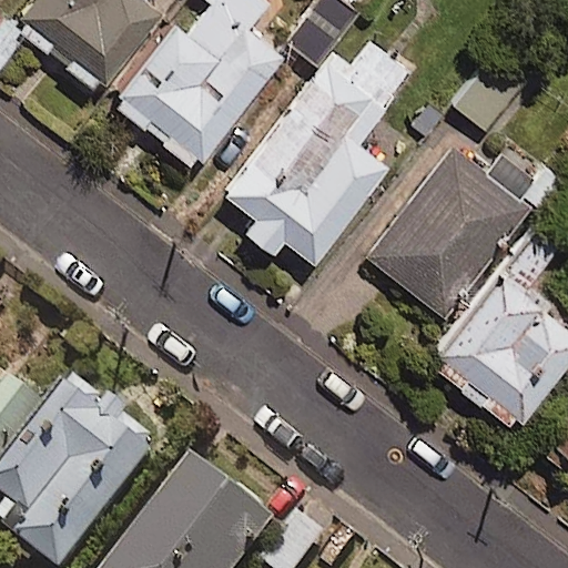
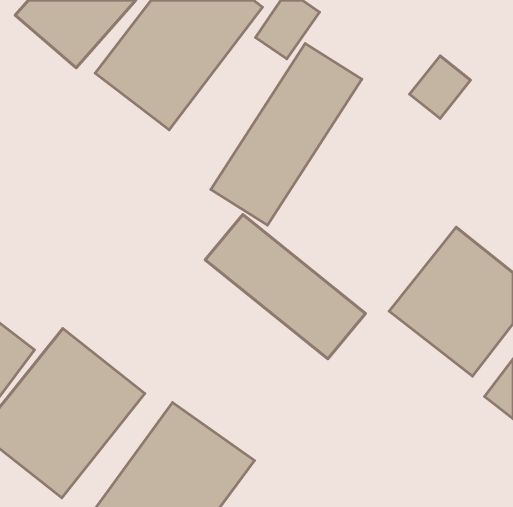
building: [372,139,528,304] -> none
building: none -> [205,215,366,359]

